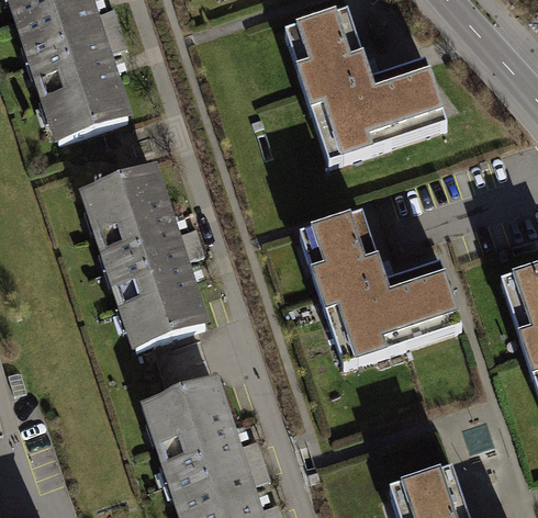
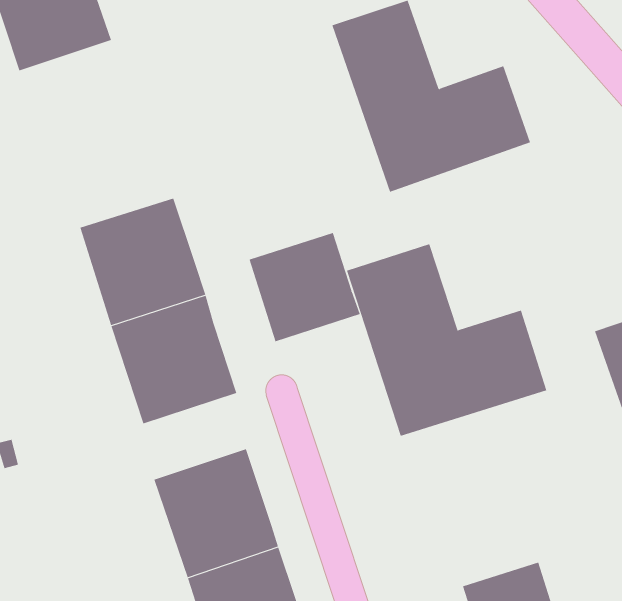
building: [31,41,133,144] -> none
building: none -> [249,232,361,342]

